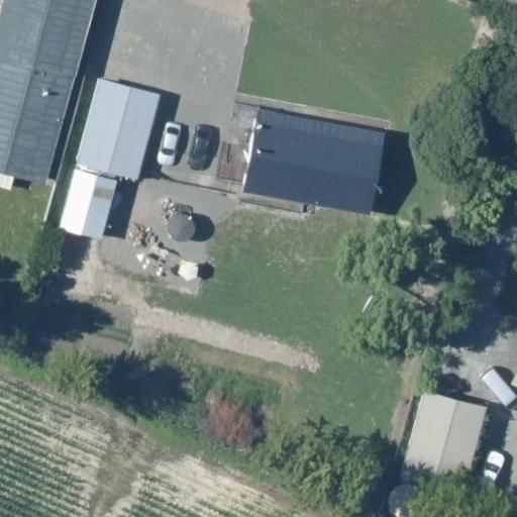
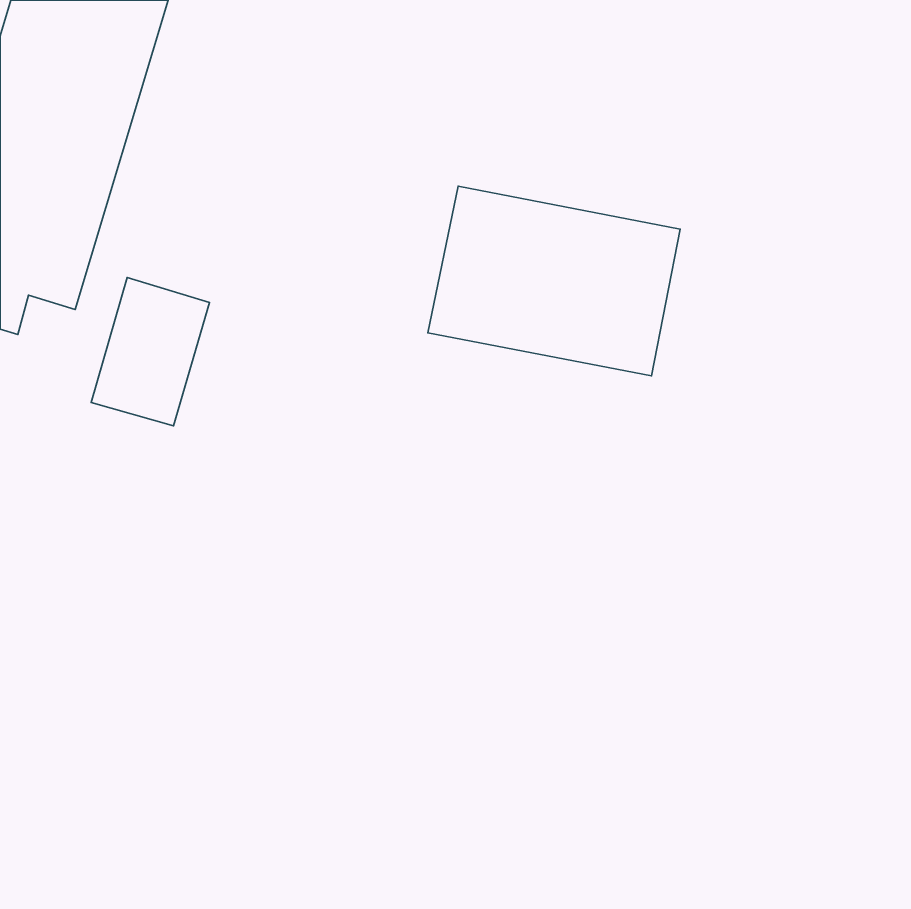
building: [74,76,161,179] -> none
building: [397,383,490,496] -> none

